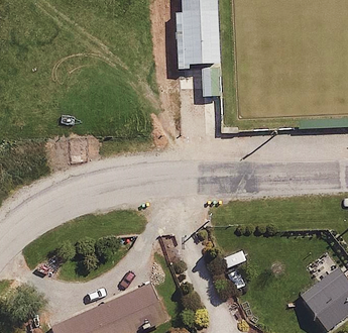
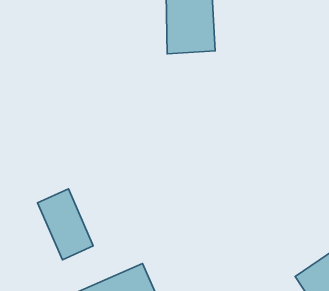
building: none -> [38,189,93,260]

